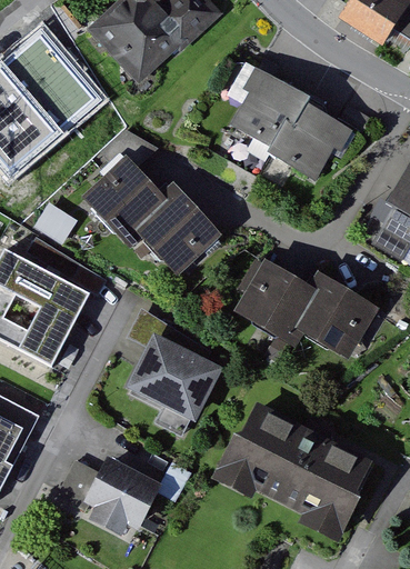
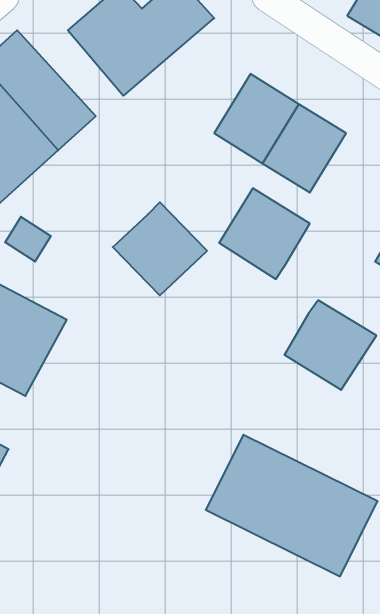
building: [77,152,163,239] -> none
building: [228,257,311,340] -> [219,188,310,279]
building: [132,330,228,425] -> none
building: [61,451,170,535] -> none

